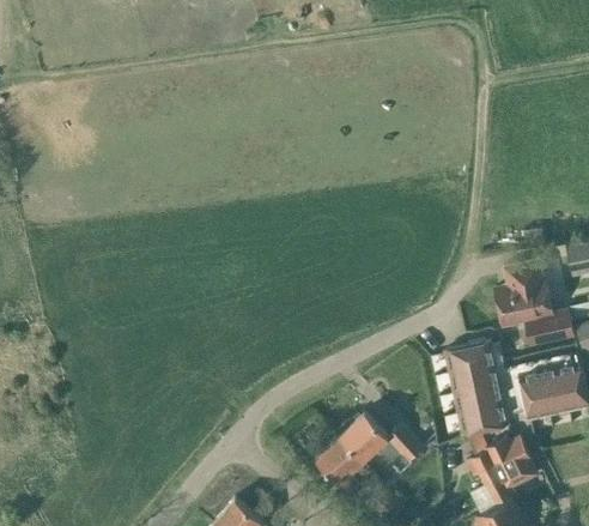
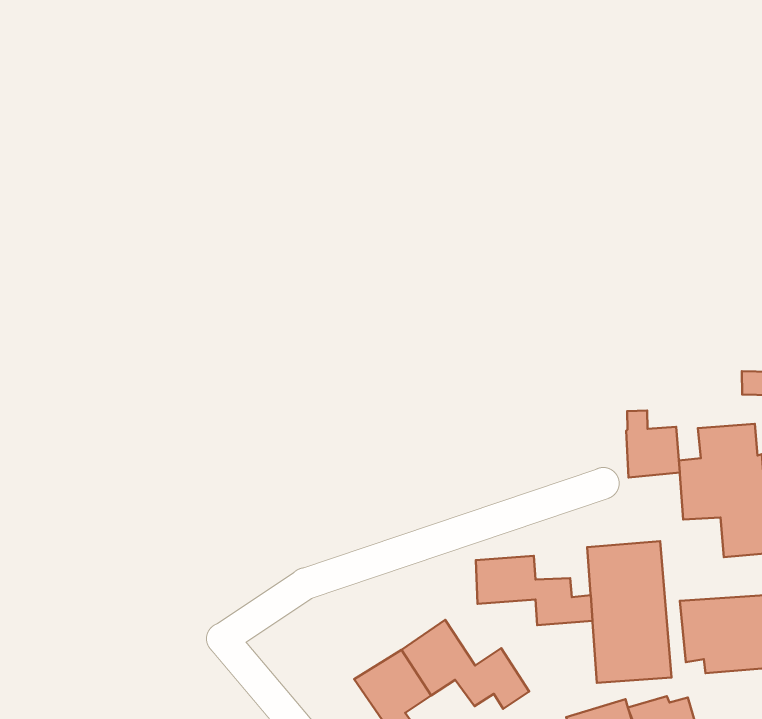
building: none -> [626,411,680,478]
building: none -> [476,556,592,625]

